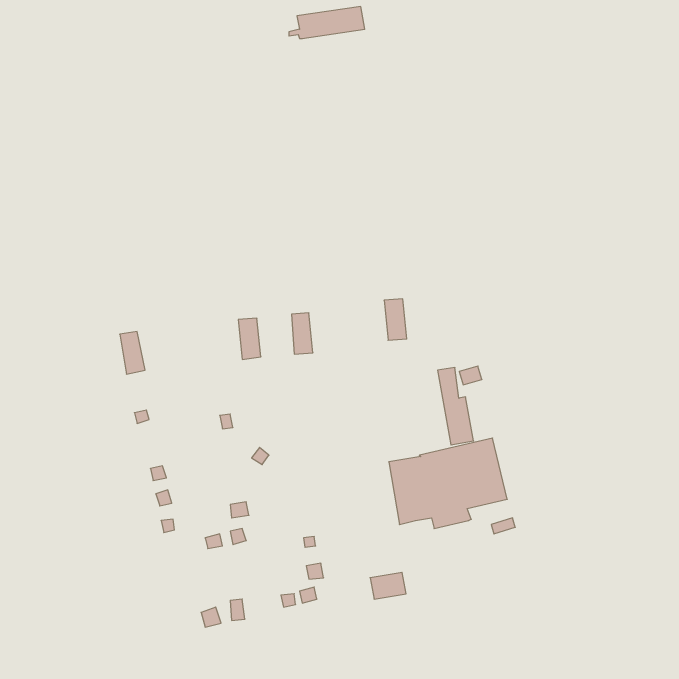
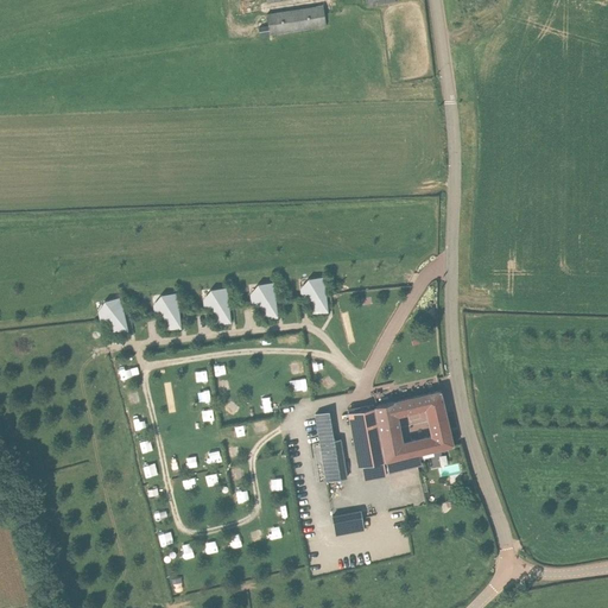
building: [384,299,407,340] -> [308,276,328,312]
building: none -> [164,290,184,327]
building: [438,368,474,445] -> [314,414,346,483]

